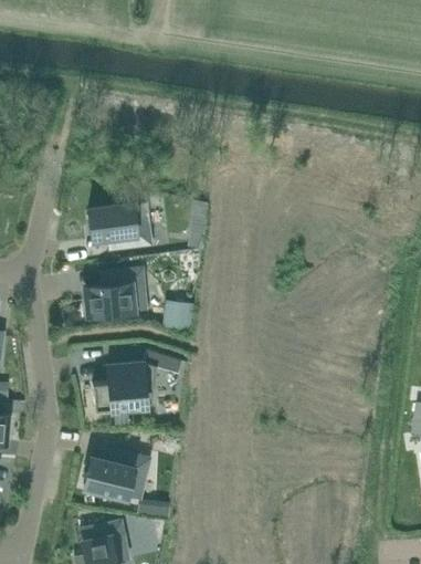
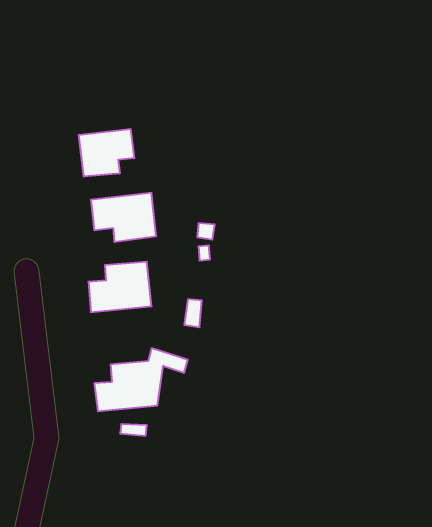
building: none -> [79,129,134,177]
building: [84,449,149,499] -> none

